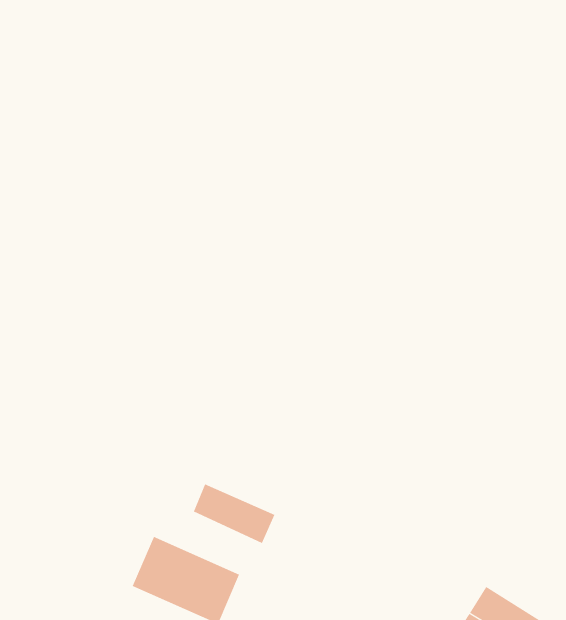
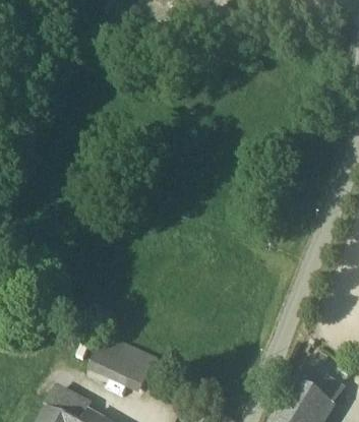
building: [193,484,275,544] -> none

